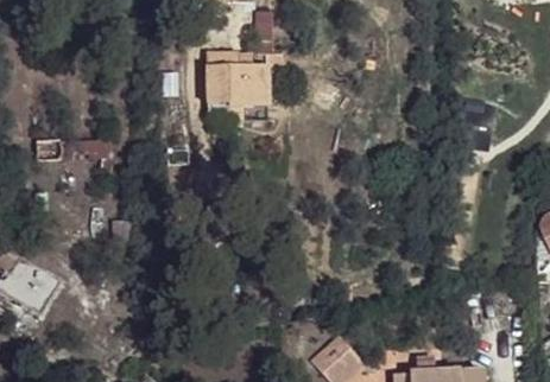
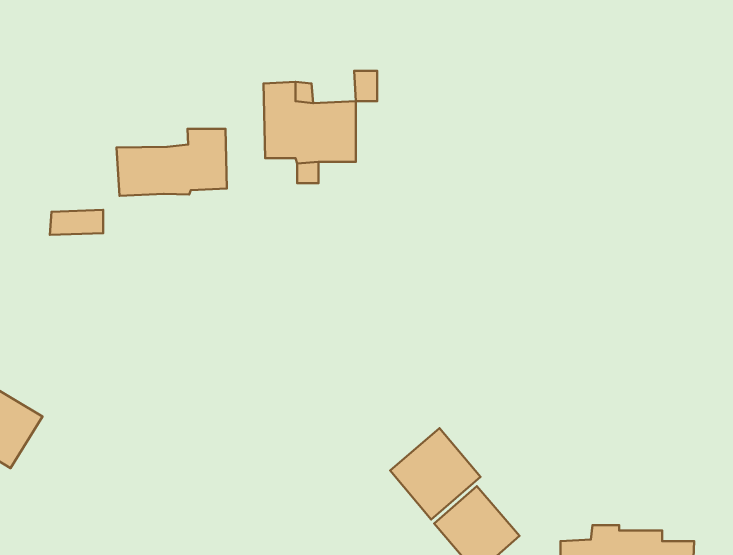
building: none -> [117,129,227,196]
building: none -> [390,428,481,519]

